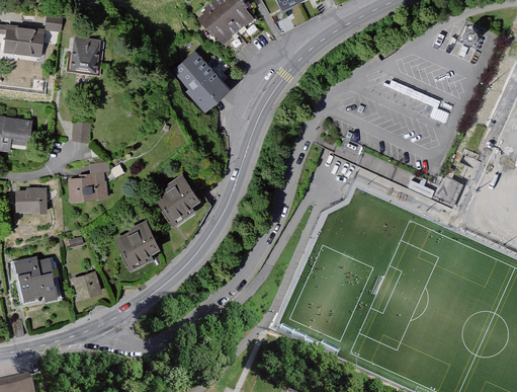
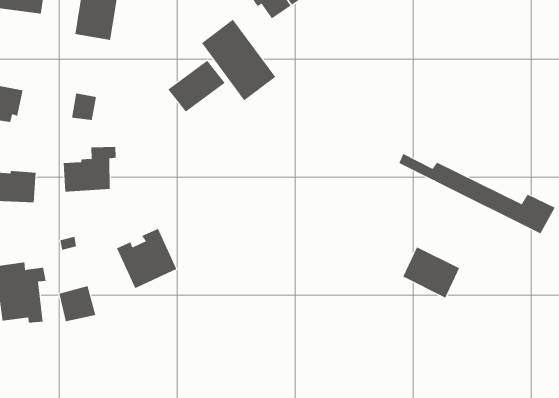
building: none -> [168,60,226,113]
building: [153,174,202,227] -> none
building: none -> [402,246,460,298]

